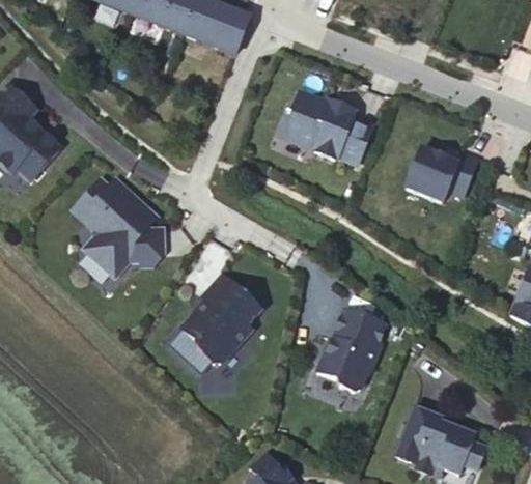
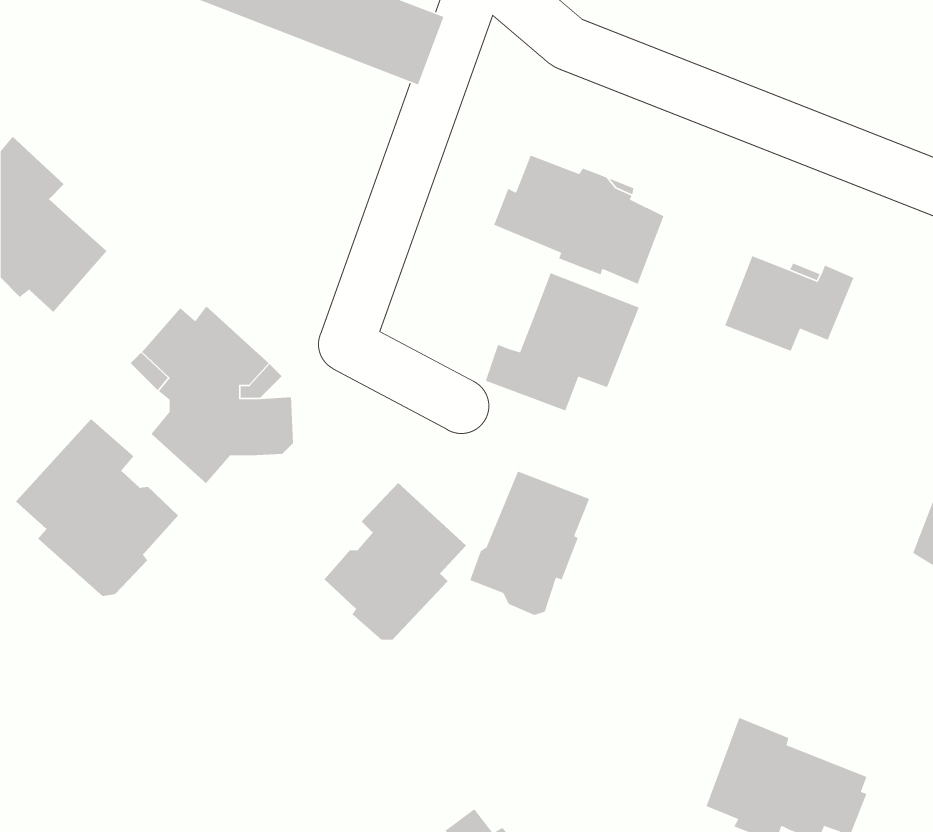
building: none -> [485,272,640,412]
building: none -> [15,418,179,597]
building: [317,309,385,390] -> [469,471,590,616]

